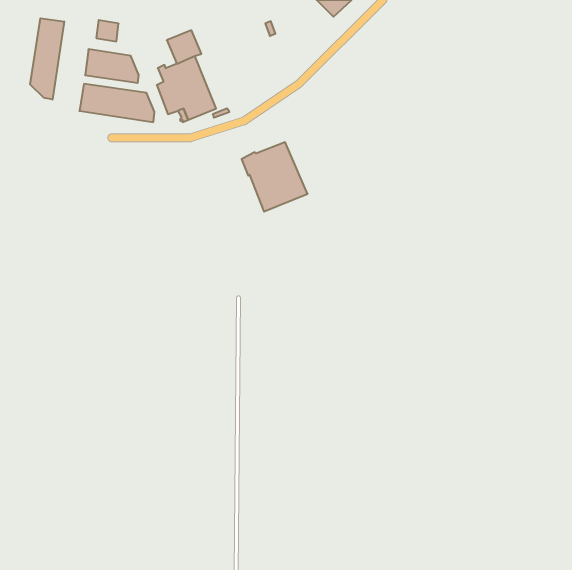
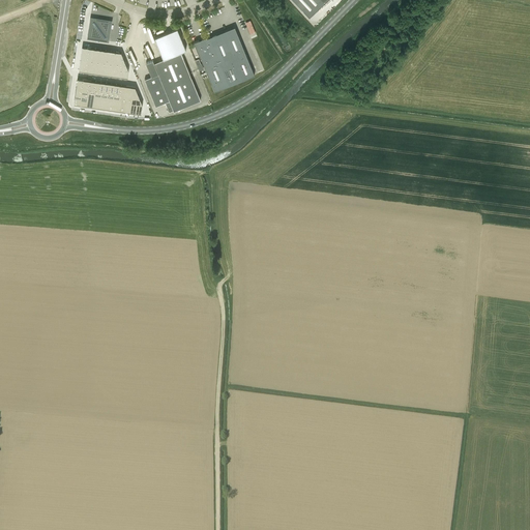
building: [30,18,64,100] -> none
building: [242,142,308,212] -> [194,29,255,93]

